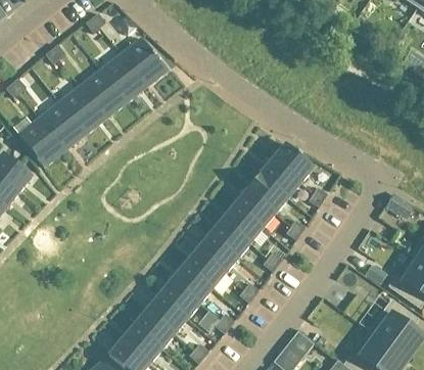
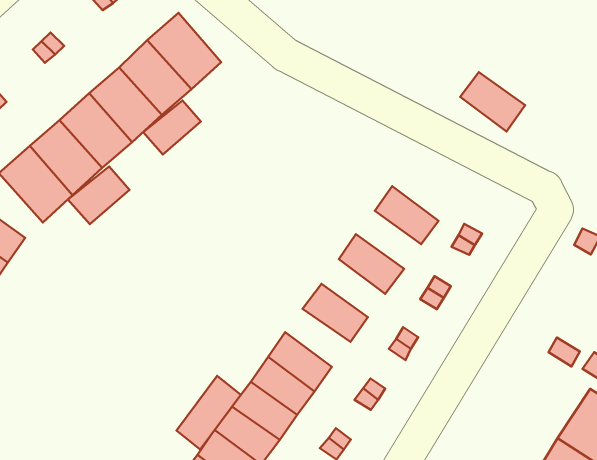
building: none -> [143,101,201,155]
building: none -> [68,167,129,224]
building: [272,143,314,183] -> [460,72,525,132]
building: [246,174,288,213] -> none
building: [222,203,263,242] -> none
building: [196,234,238,273] -> none
building: none -> [177,376,241,449]

